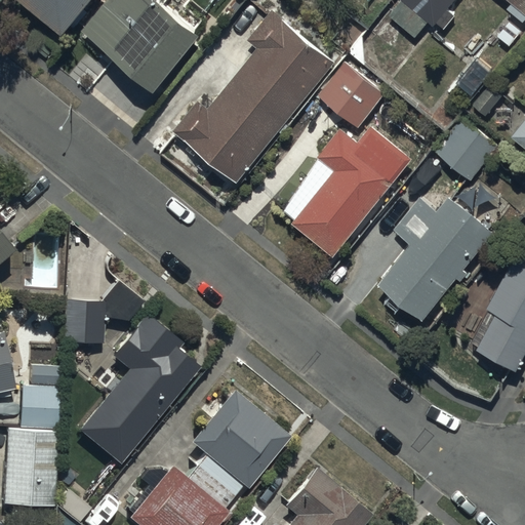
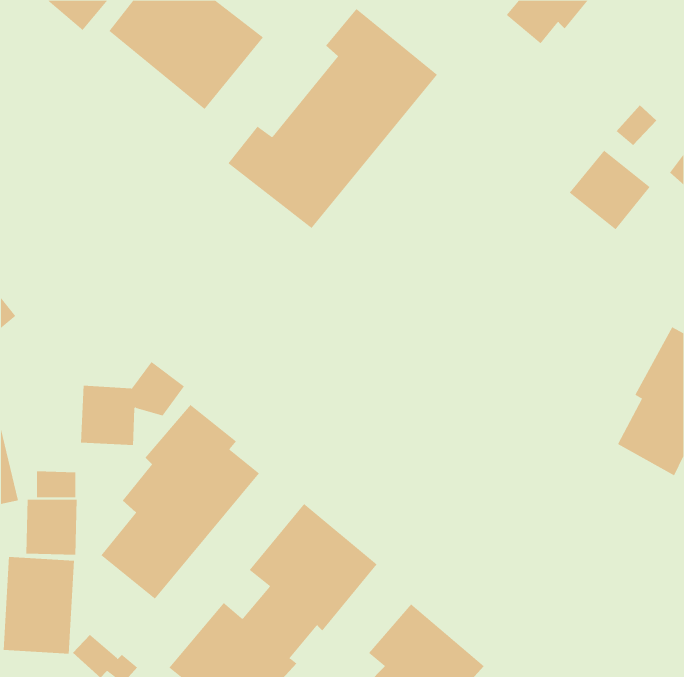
building: [318,63,386,129] -> none
building: [292,125,413,255] -> none
building: [379,196,494,319] -> none

